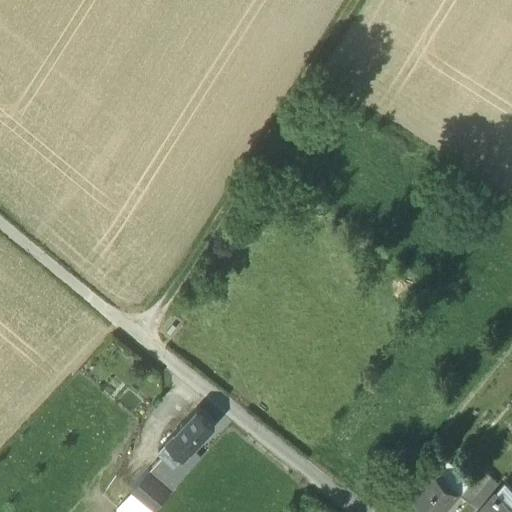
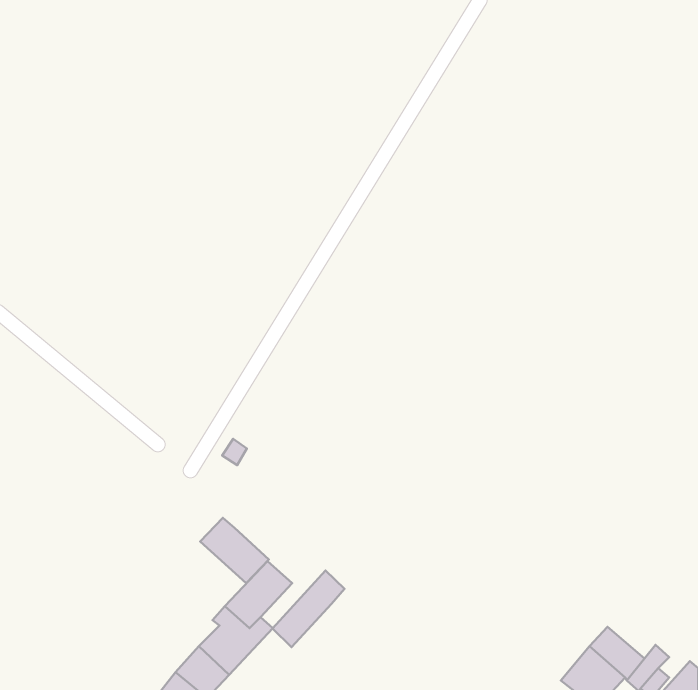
building: none -> [200,518,269,583]
building: none -> [273,570,344,647]

